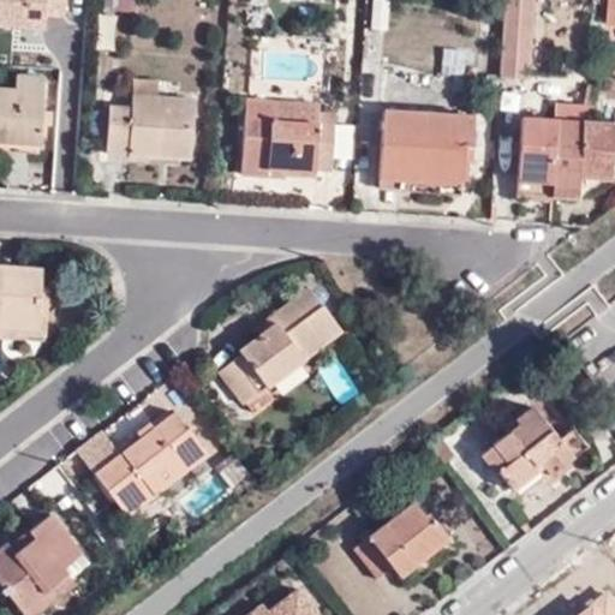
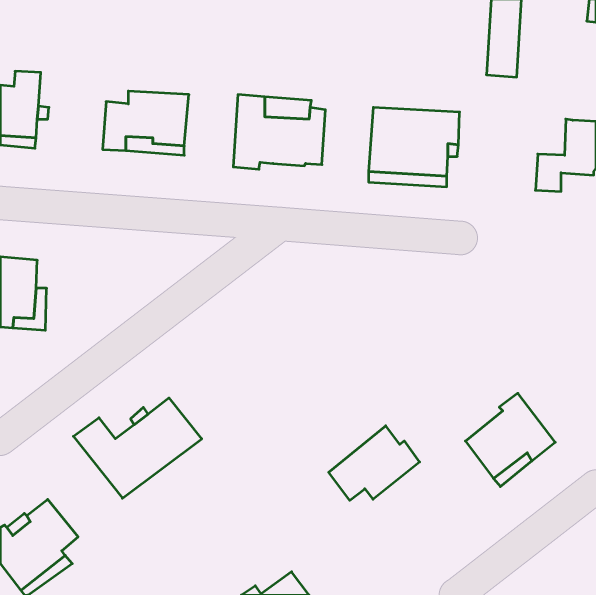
building: [517,118,583,201] -> none
building: [219,287,341,412] -> none
building: [354,501,448,578] -> [329,426,420,500]

